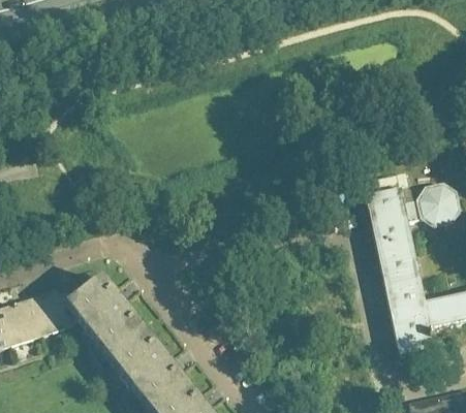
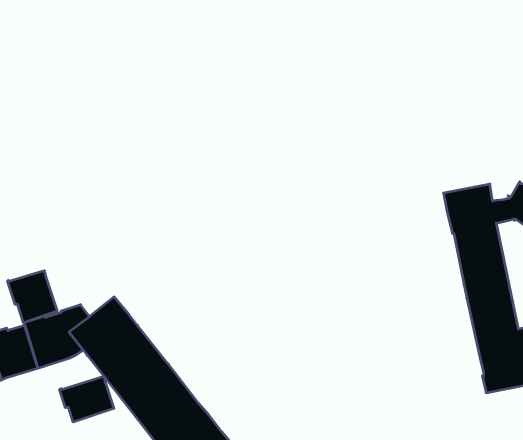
building: none -> [8,271,57,323]
building: none -> [60,376,114,422]

